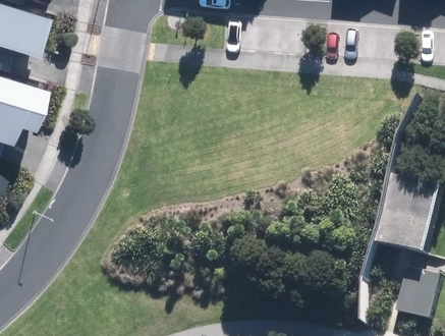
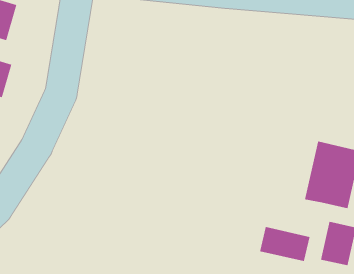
building: none -> [259,226,310,262]

